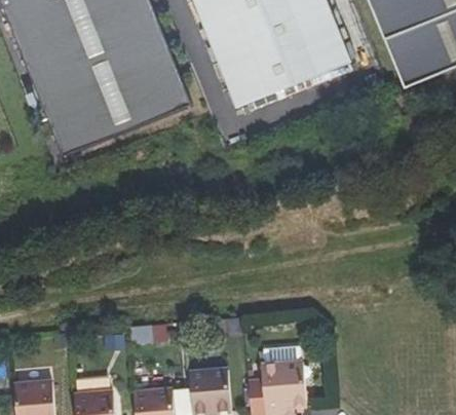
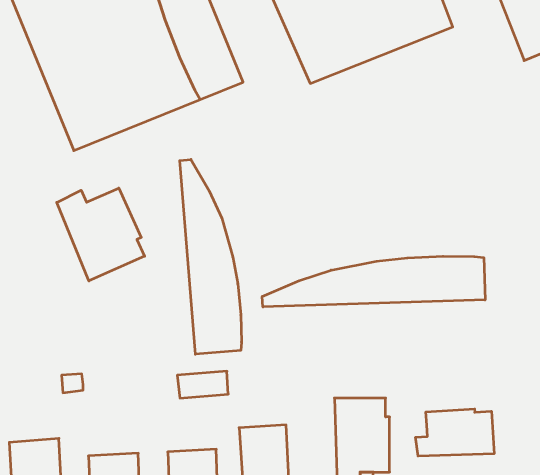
building: none -> [180,159,241,354]
building: none -> [57,188,145,281]
building: none -> [262,256,485,307]
building: none -> [416,409,494,456]

